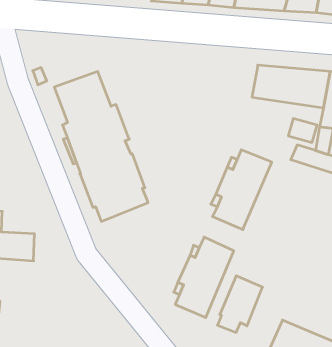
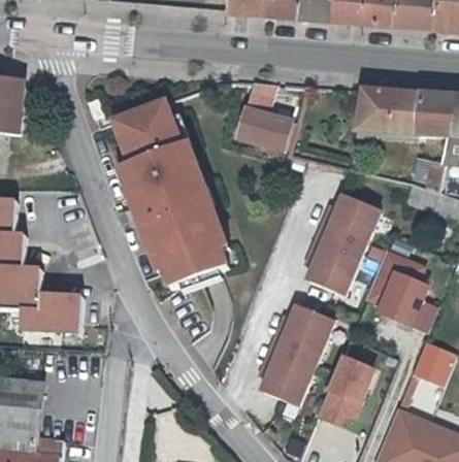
building: none -> [238,80,298,147]
building: none -> [364,250,433,331]
building: none -> [411,340,451,382]

